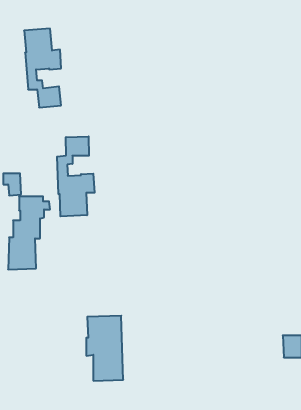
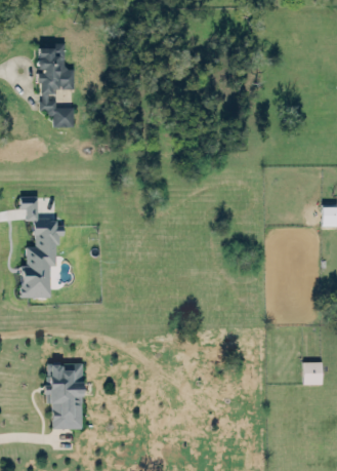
building: [57,136,95,216] -> none
building: [86,316,123,381] -> [46,363,84,430]

